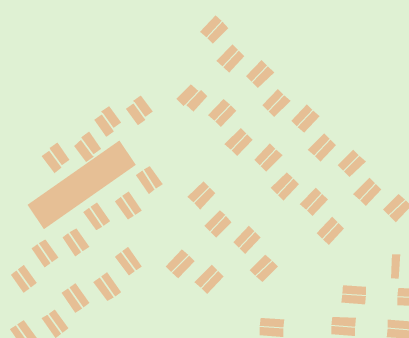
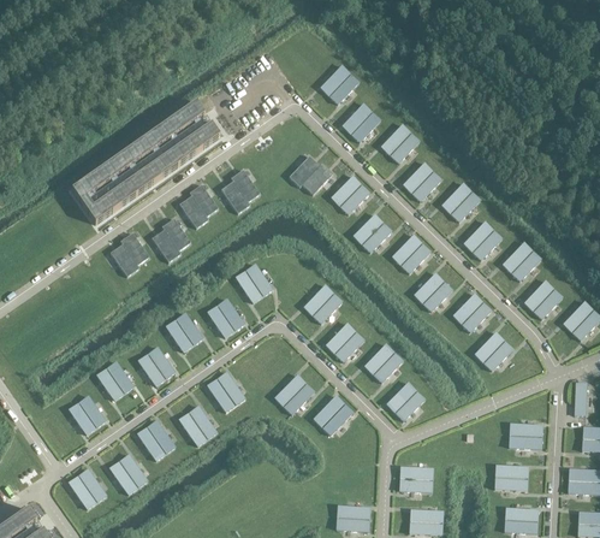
building: [26,140,137,230] -> [72,102,219,223]

